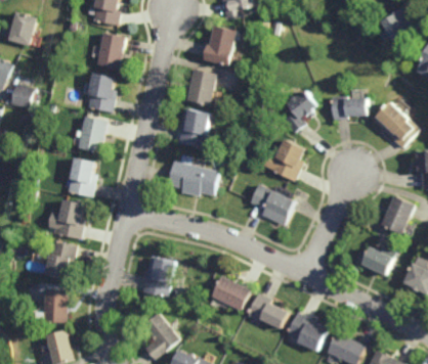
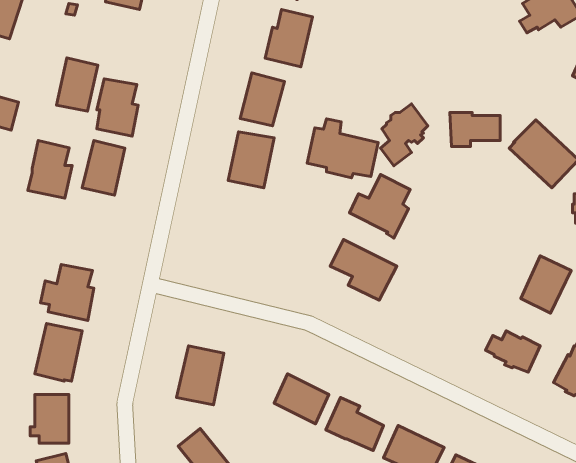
building: [96,31,125,67] -> [56,58,98,111]
building: [168,154,217,195] -> [307,119,378,178]
building: [67,156,97,196] -> [28,140,72,198]

